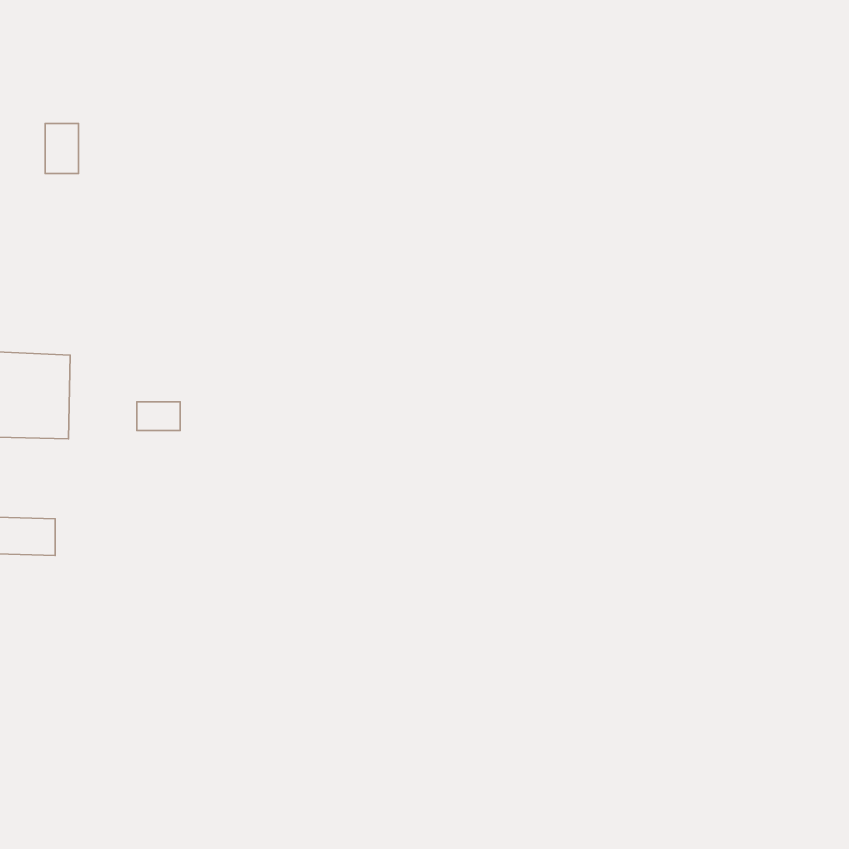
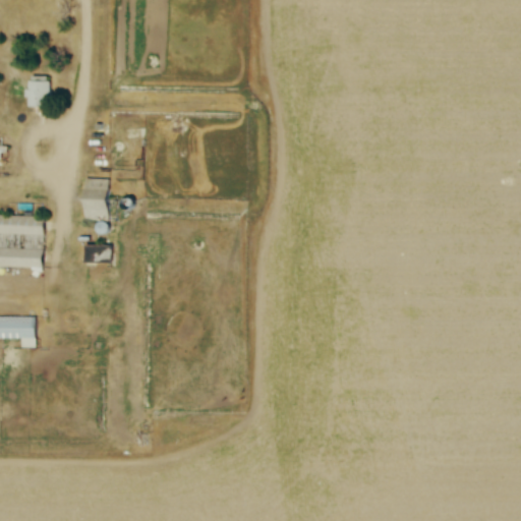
building: none -> [83,179,107,221]

